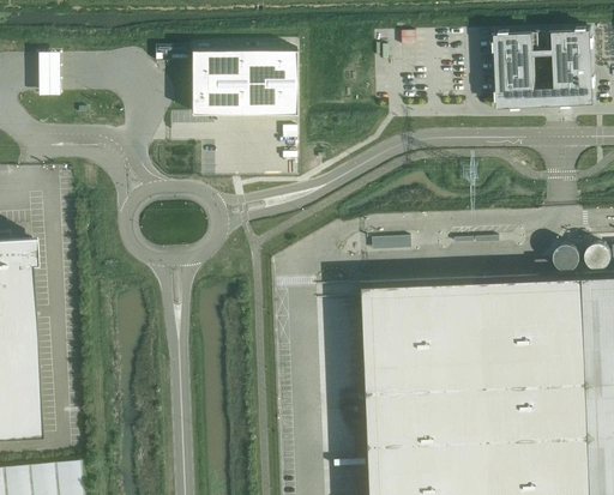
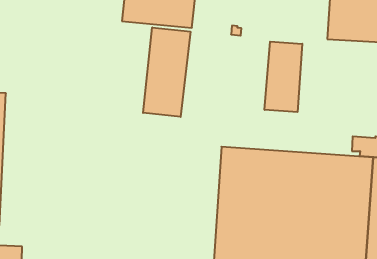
building: none -> [143,27,190,117]
building: none -> [265,42,302,112]

